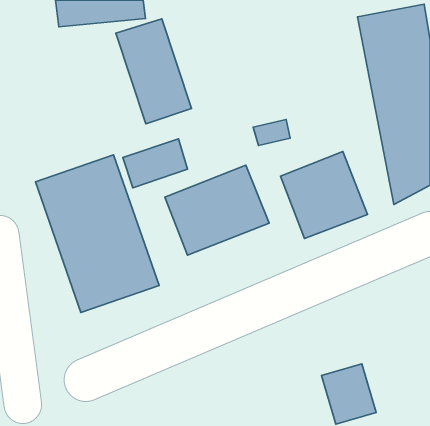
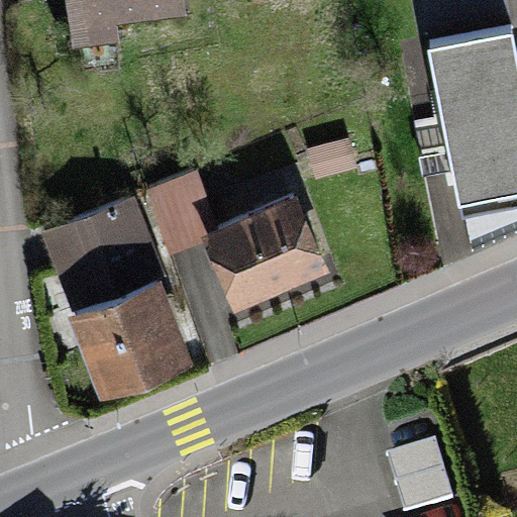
building: [116,19,192,124] -> none
building: [280,152,368,239] -> none

